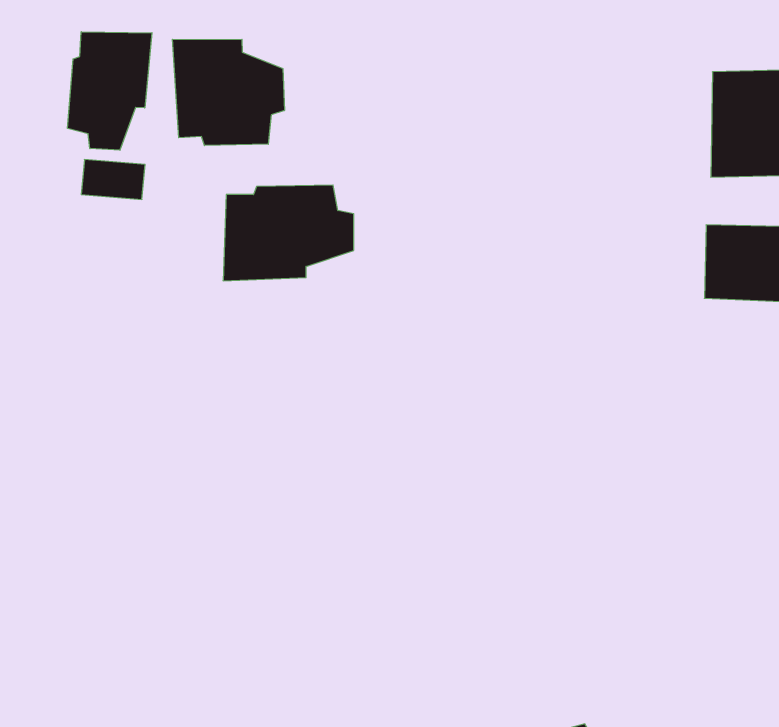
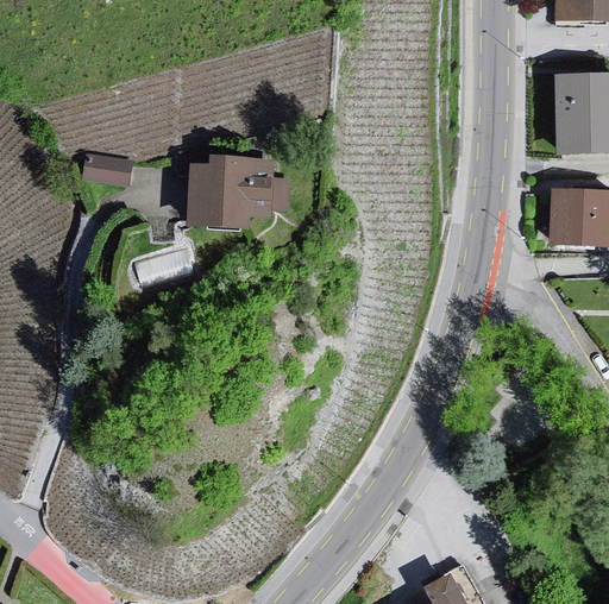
building: [68,32,152,150] -> none
building: [173,39,284,146] -> none

